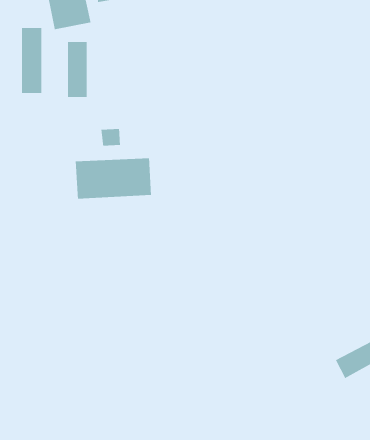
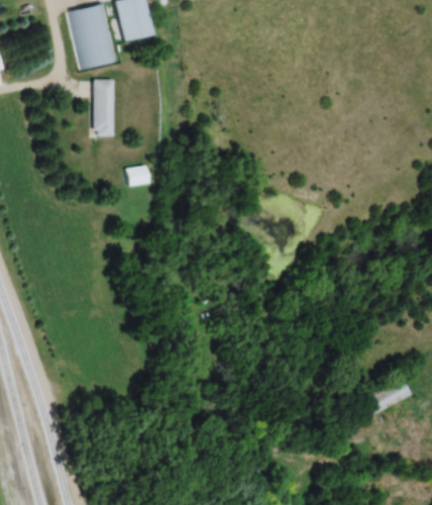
building: [21,27,42,94] -> none
building: [75,158,152,200] -> none

